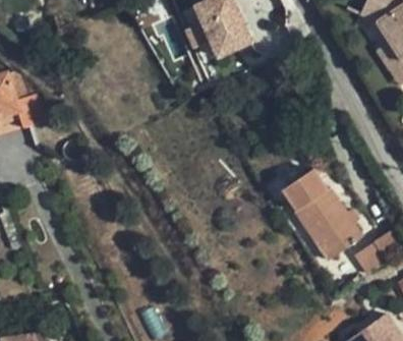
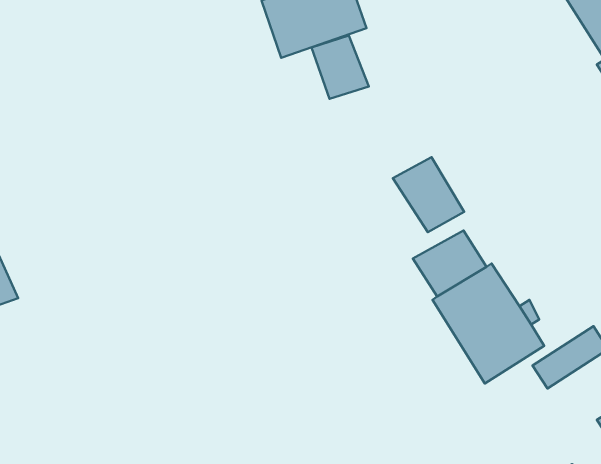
building: none -> [311,35,369,99]
building: none -> [393,157,464,232]

